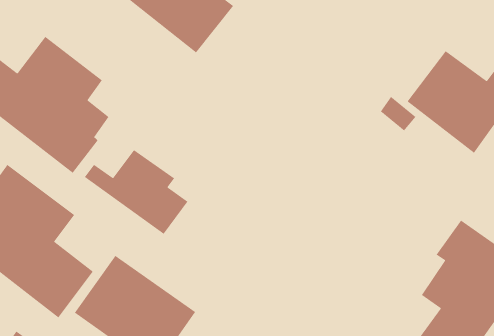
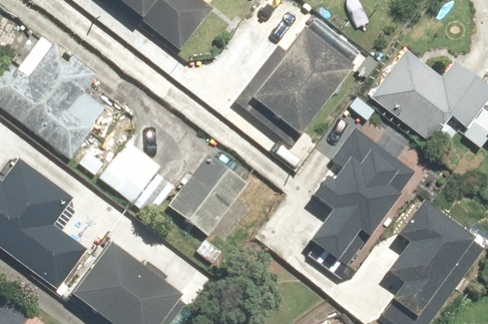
building: none -> [232,16,380,147]
building: none -> [306,129,415,264]
building: none -> [168,152,250,237]

